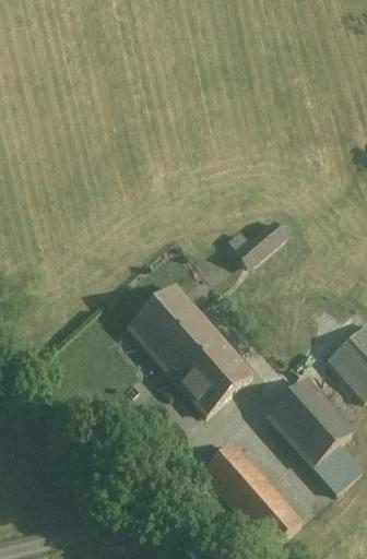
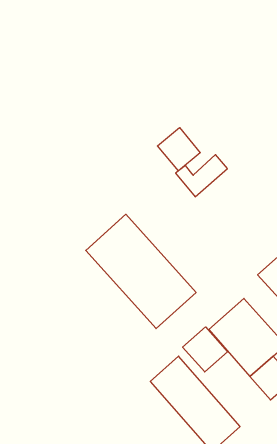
building: none -> [157,128,200,171]
building: none -> [183,327,227,372]

